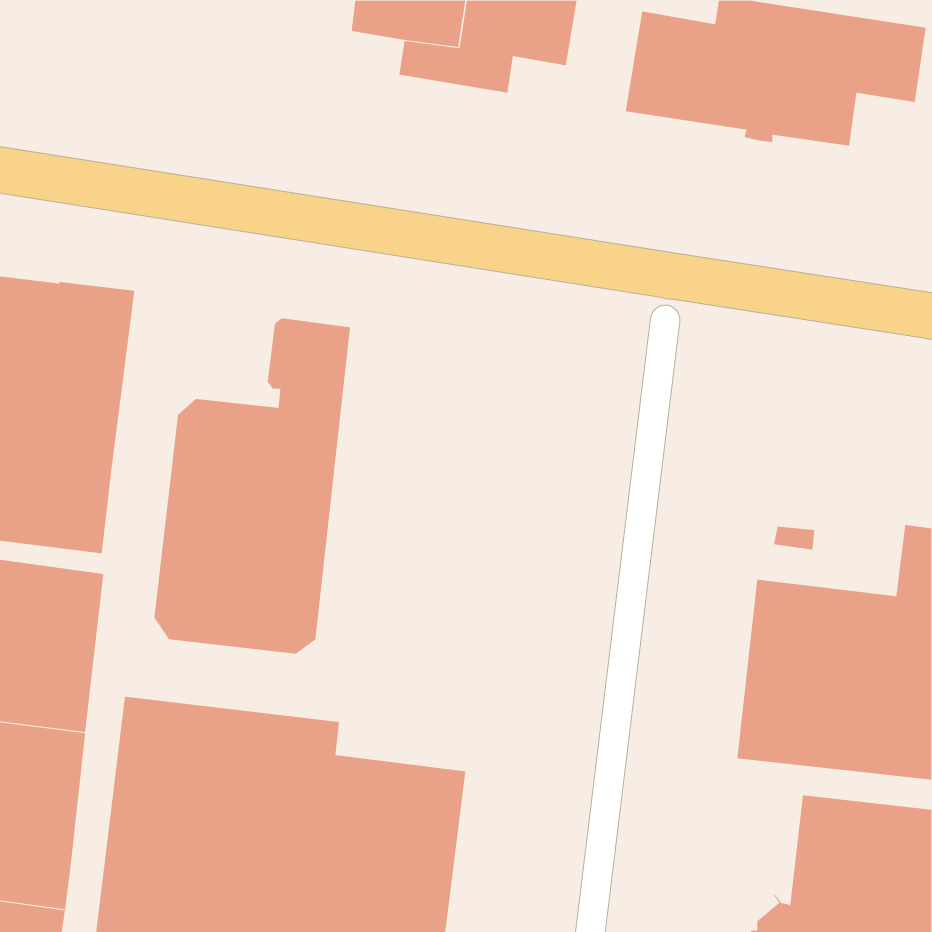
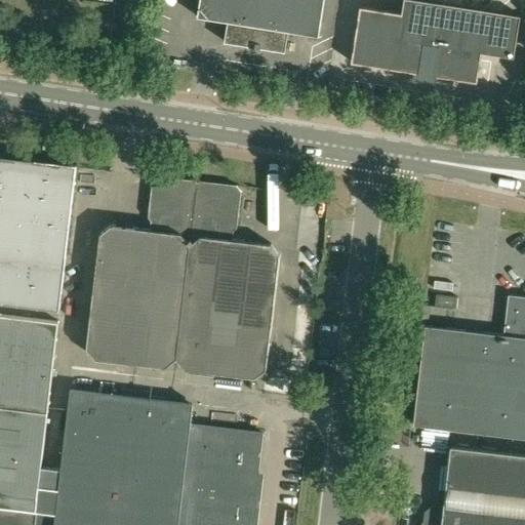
building: none -> [177,185,280,378]

